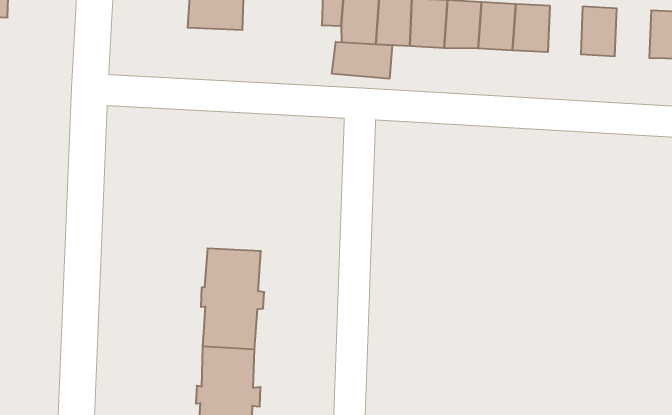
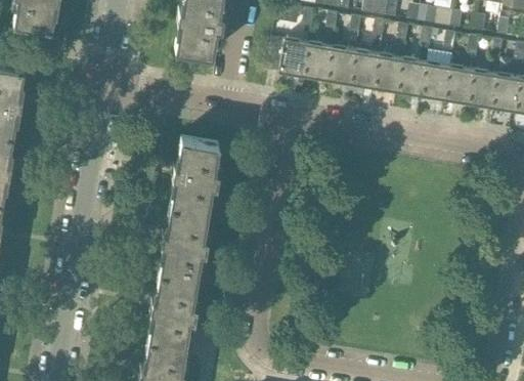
building: none -> [424,63,451,99]
building: none -> [470,71,498,108]
building: [332,42,392,79] -> none
building: none -> [172,136,219,210]

